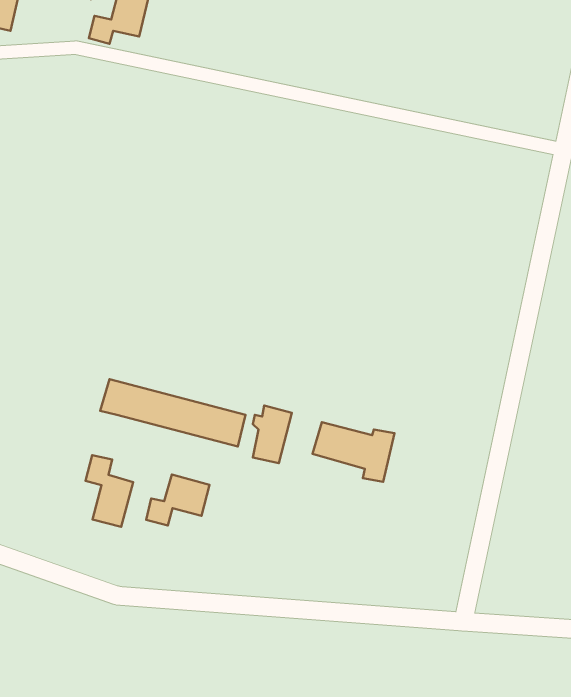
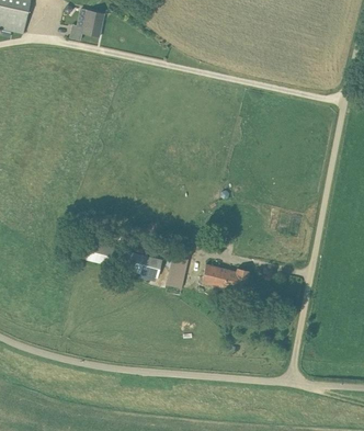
building: [86,455,133,527] -> none
building: [146,475,209,526] -> none

